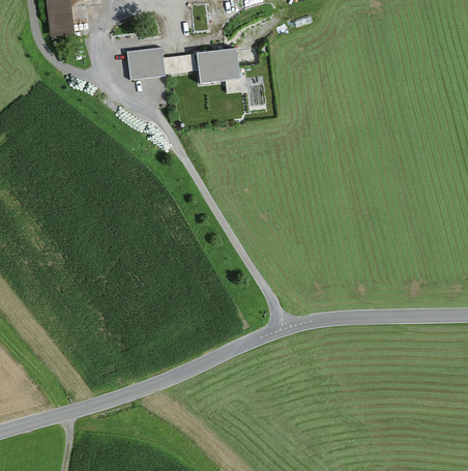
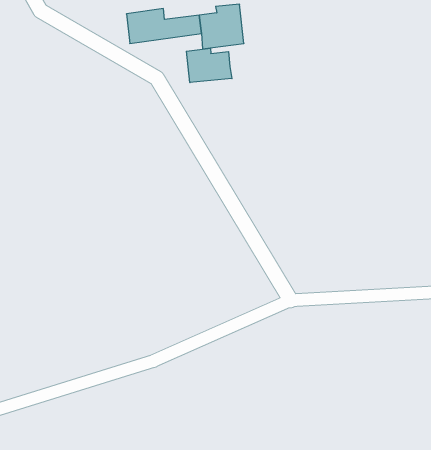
building: none -> [186,48,232,83]

